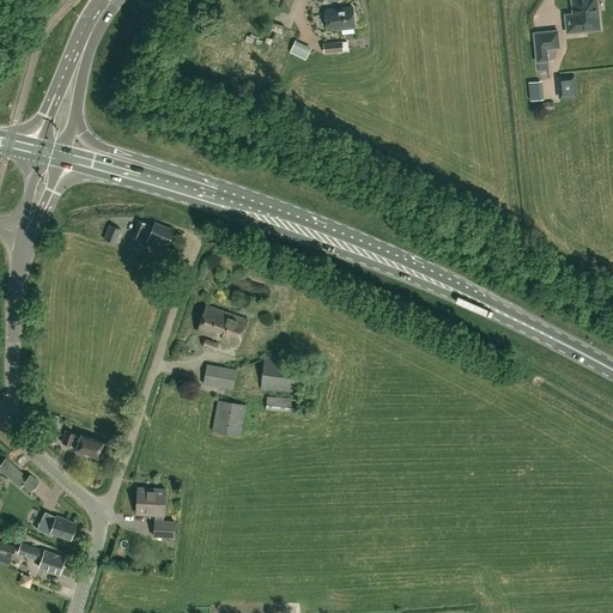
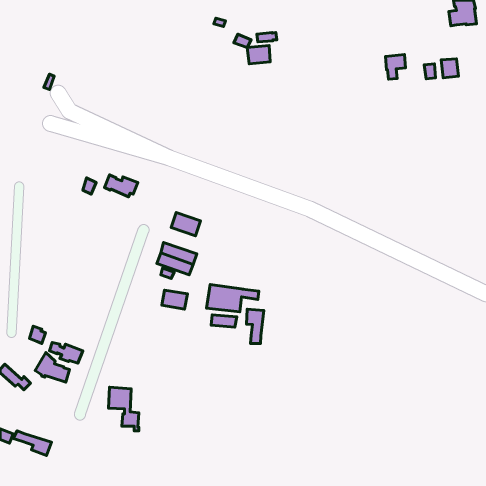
building: [326,7,354,30] -> [247,46,270,64]
building: [534,31,559,62] -> [386,55,406,79]
building: none -> [171,212,200,236]
building: none -> [246,309,264,344]
building: [213,400,245,436] -> none
building: [32,502,75,539] -> [35,353,70,382]

